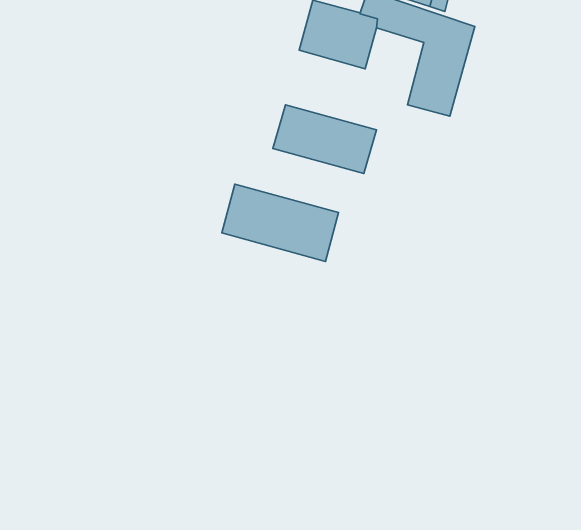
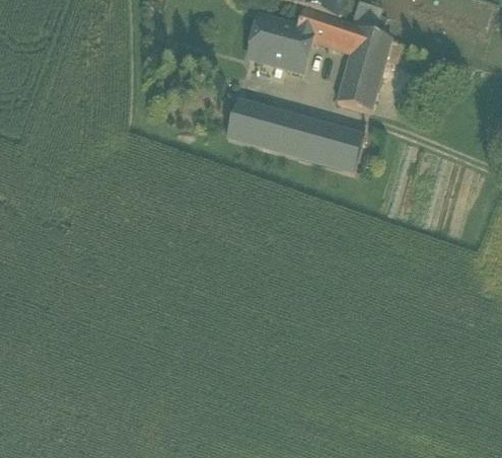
building: none -> [301,121,364,171]
building: [222,184,338,261] -> none

